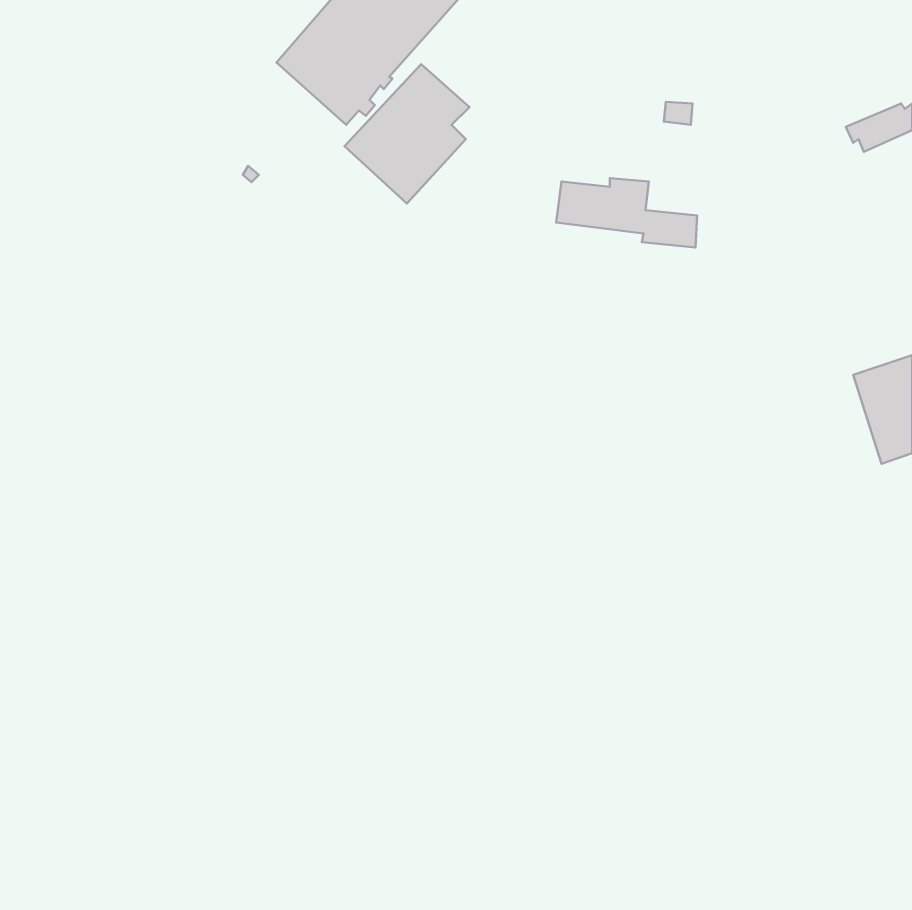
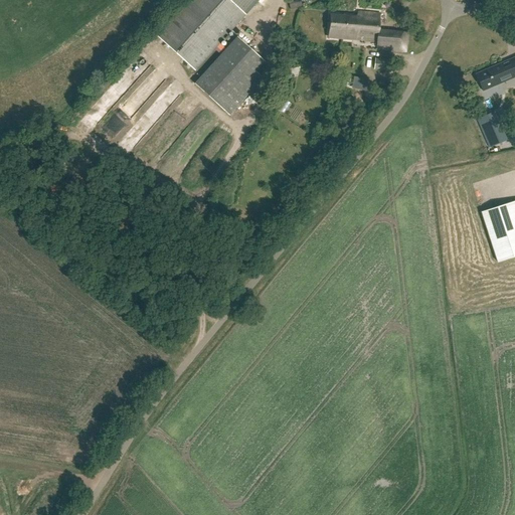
building: [556,178,697,248] -> [330,10,409,49]
building: none -> [477,111,507,147]

